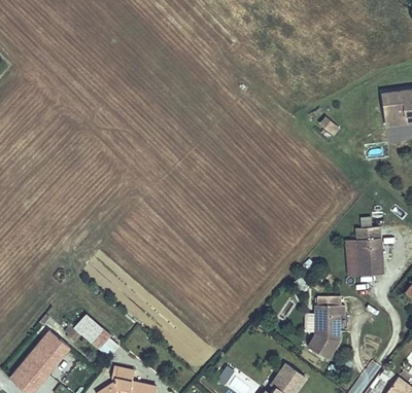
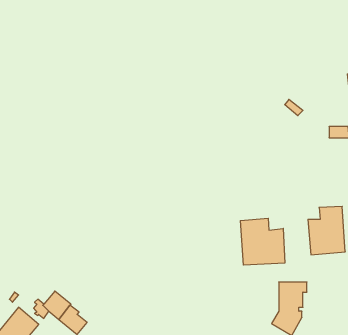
building: none -> [240,218,285,265]

